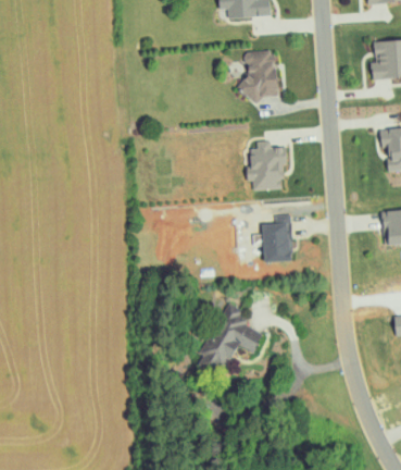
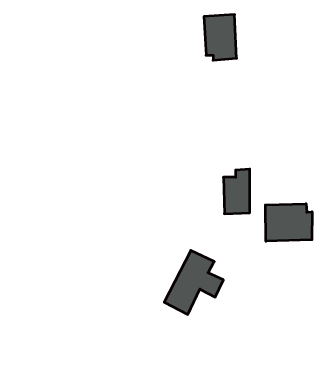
building: [250,140,285,190] -> none
building: none -> [265,204,312,241]

